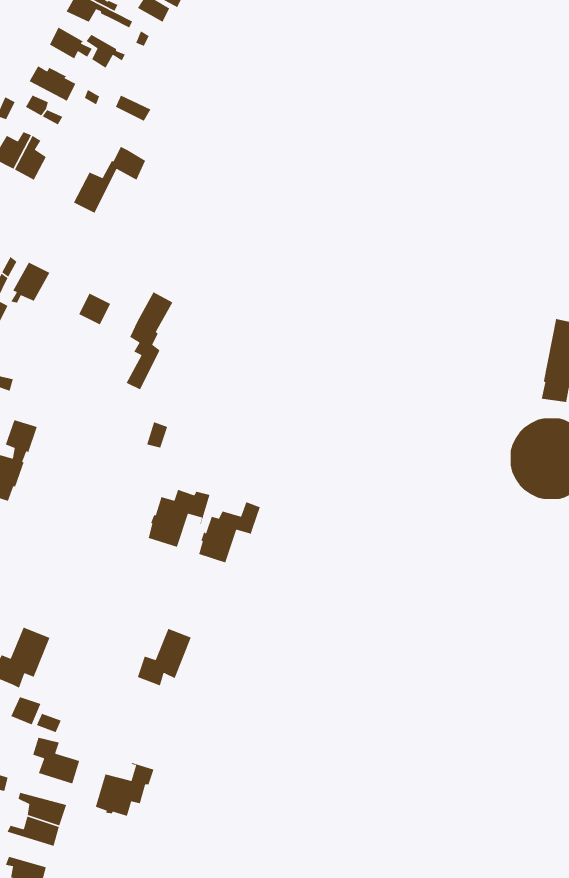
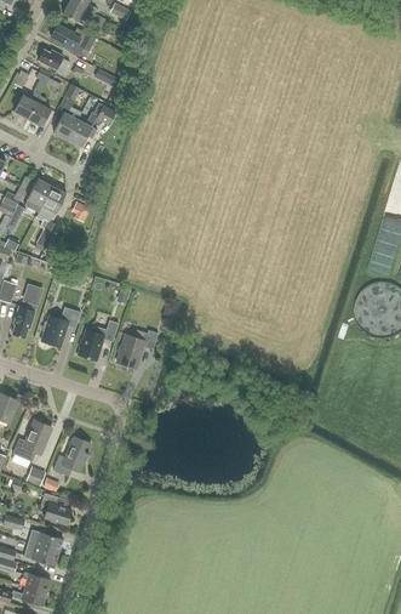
building: none -> [53,83,80,140]
building: [126,291,173,390] -> [34,186,65,251]
building: none -> [41,307,80,347]
building: [198,501,261,564] -> [78,319,119,360]
building: [137,628,192,687] -> [53,437,90,476]
building: [95,762,155,817] -> none

